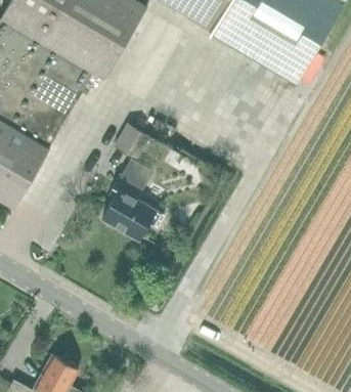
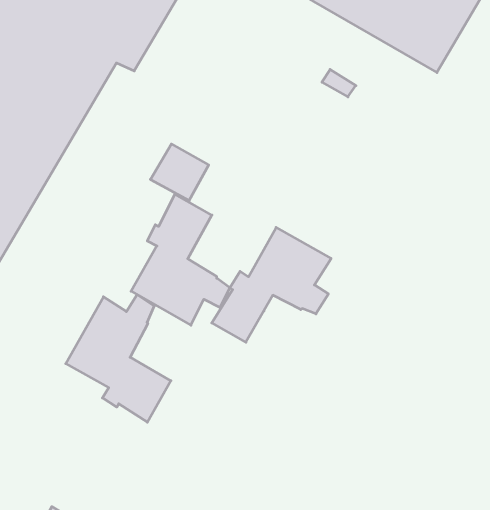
building: none -> [212,227,331,342]
building: none -> [66,295,171,422]

